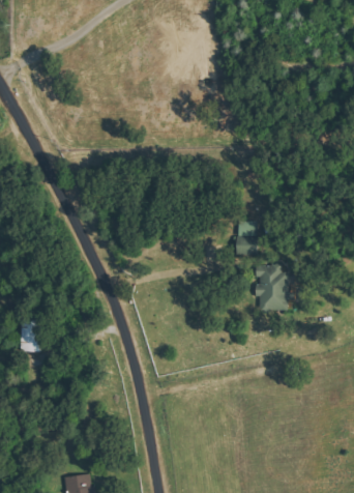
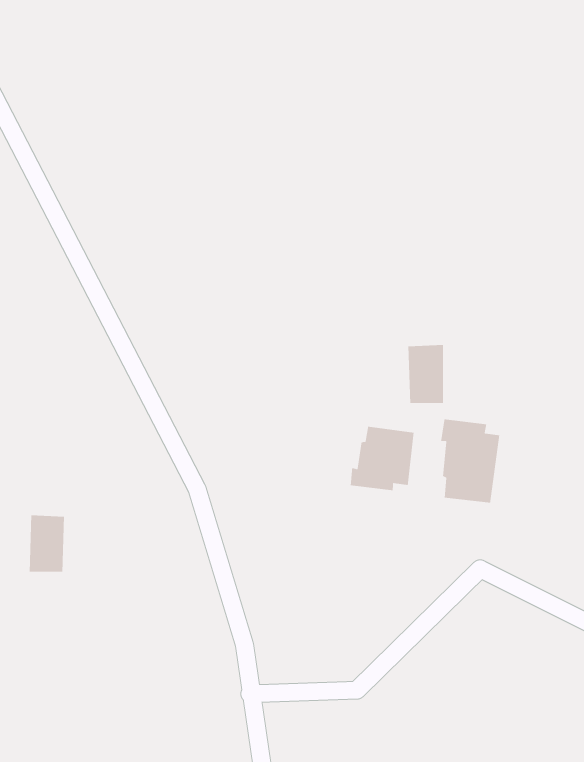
building: none -> [350,426,415,491]

